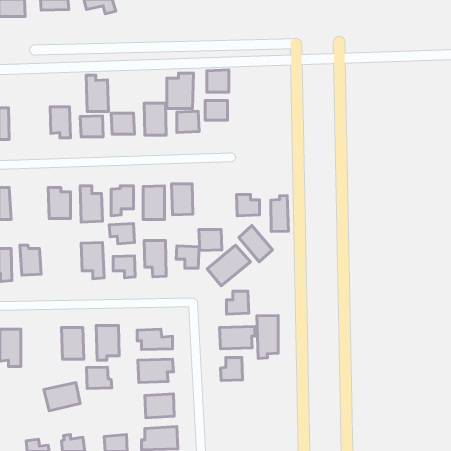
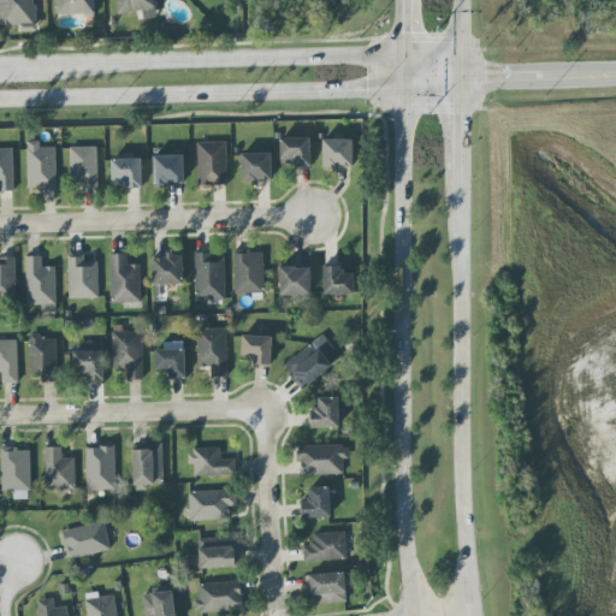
building: [207,70,229,92] -> [322,137,353,167]
building: [167,73,193,108] -> none
building: [86,75,108,112] -> [26,140,57,189]
building: none -> [25,255,57,312]
building: [271,195,289,232] -> none
building: [109,224,134,244] -> none
building: [239,226,273,262] -> none
building: [199,229,222,251] -> [279,266,310,295]
building: none -> [72,340,103,379]
building: [257,316,278,358] -> none
building: none -> [45,446,76,488]
building: [86,367,112,389] -> none
building: none -> [303,531,346,559]
building: none -> [307,570,348,604]

